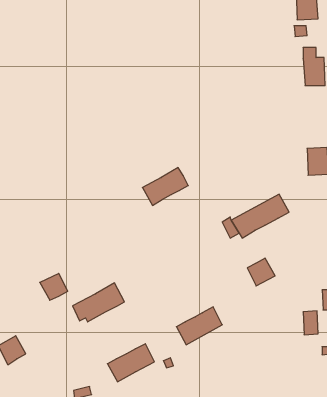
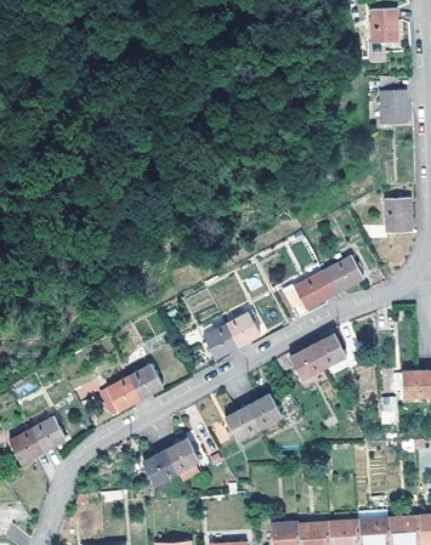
building: [142,168,188,205] -> [203,312,259,358]
building: none -> [289,345,323,379]
building: [40,273,68,300] -> [30,416,64,449]

